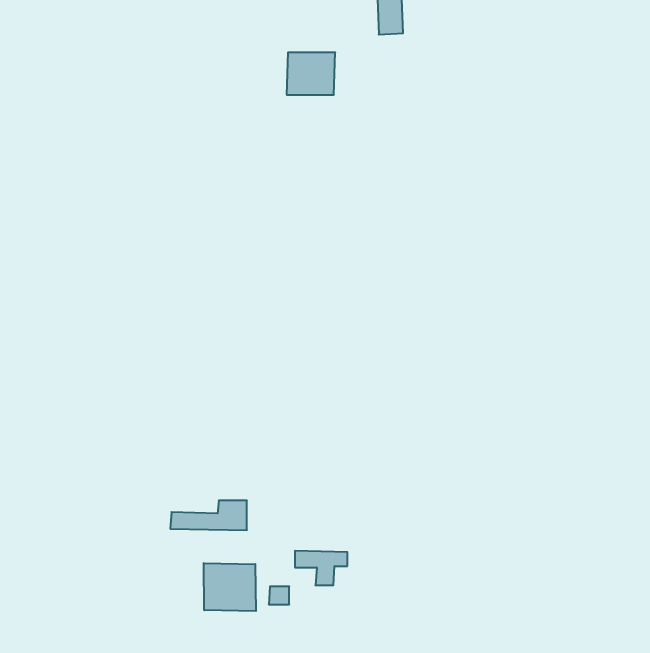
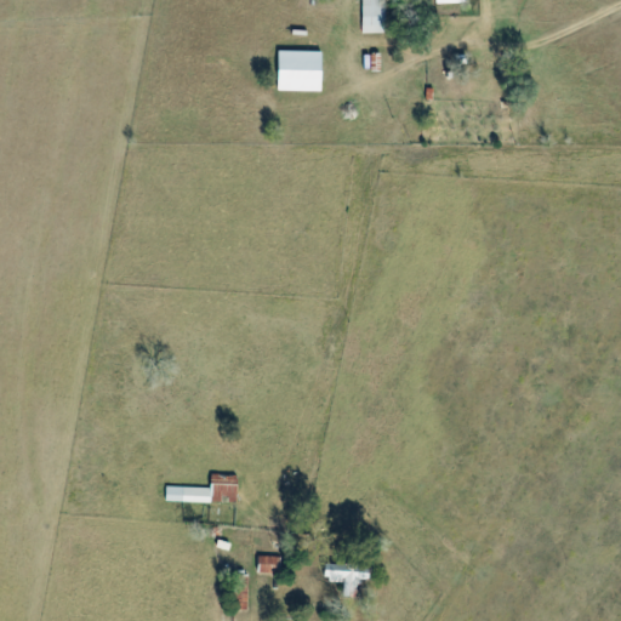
building: [295,551,347,585] -> [321,564,371,597]
building: [204,563,256,611] -> none

